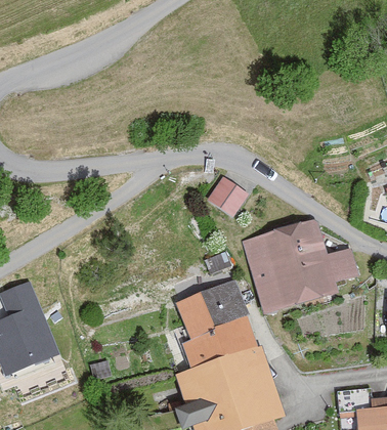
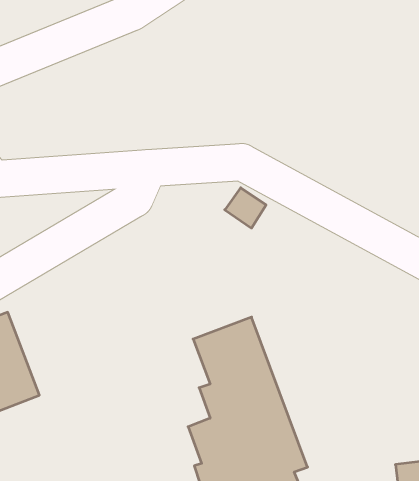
building: [243,220,358,313] -> none

